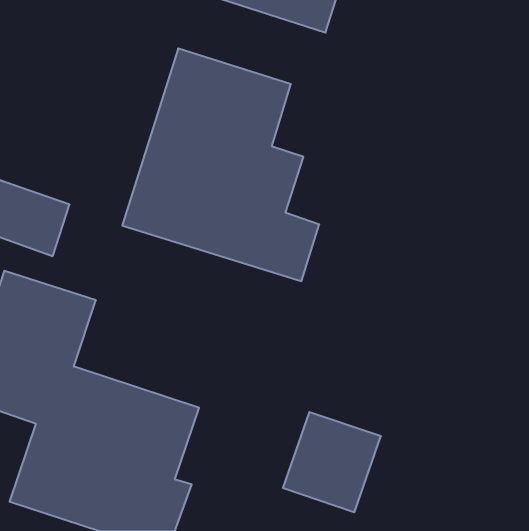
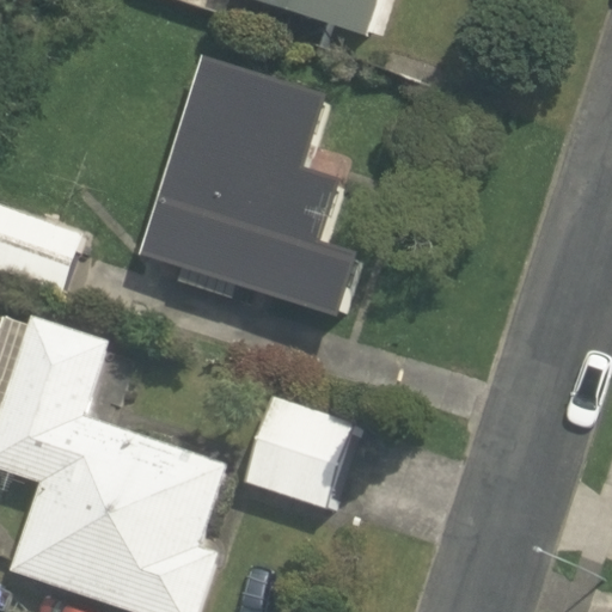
building: [283,412,381,512] -> [244,394,355,508]

